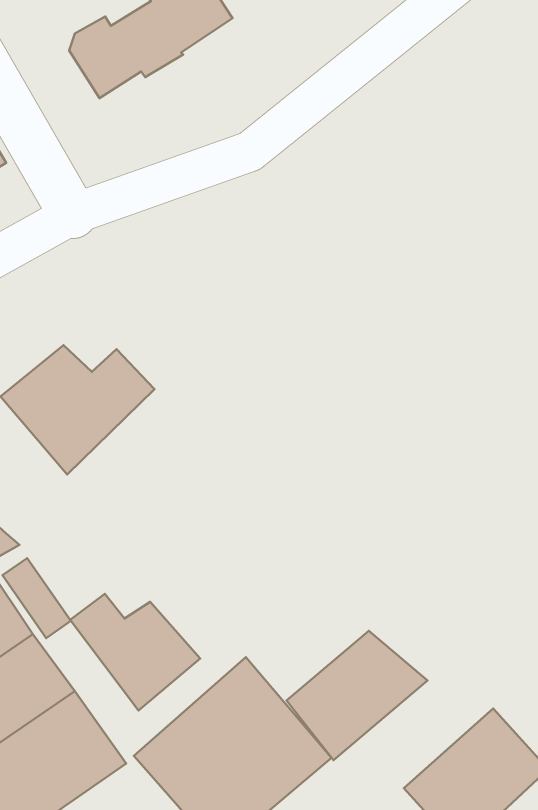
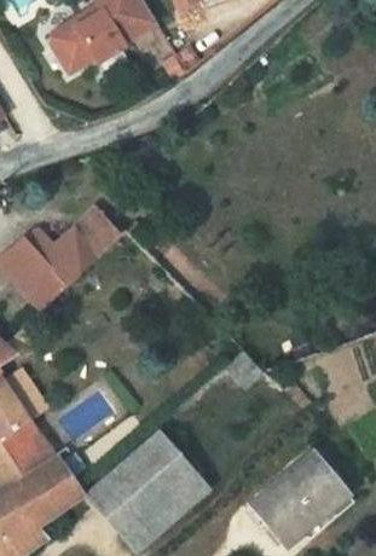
building: none -> [75,208,127,259]
building: [70,594,200,711] -> none
building: [286,631,428,760] -> none

